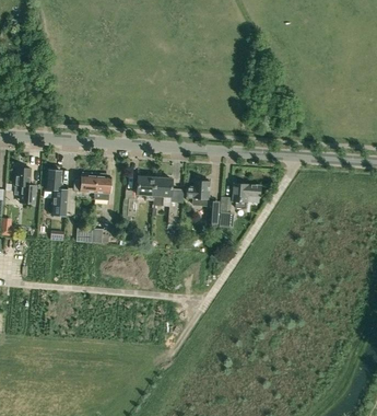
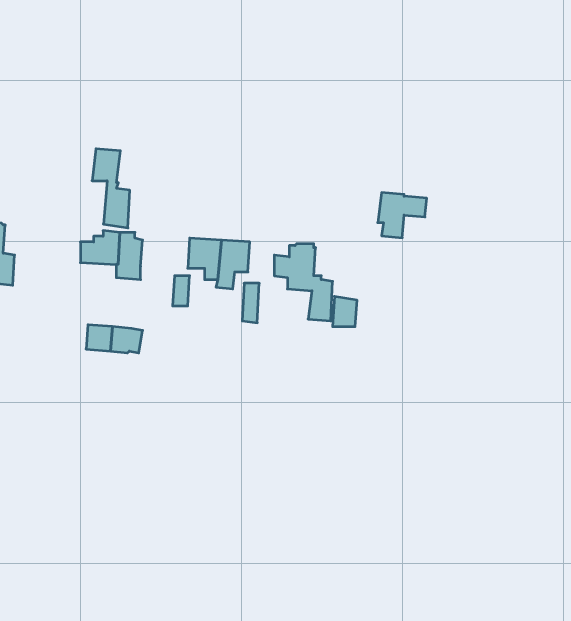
building: [45,169,67,215] -> [92,149,130,228]
building: [233,182,261,208] -> [378,193,427,238]

